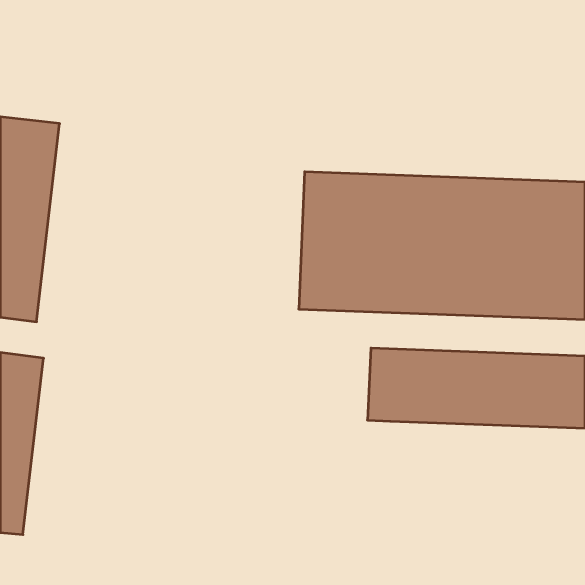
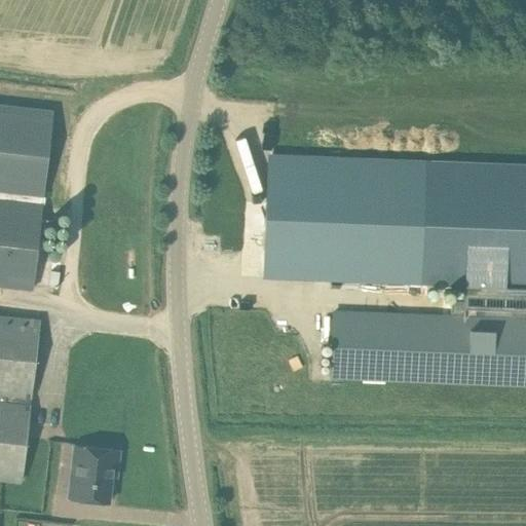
building: none -> [73,445,119,502]

